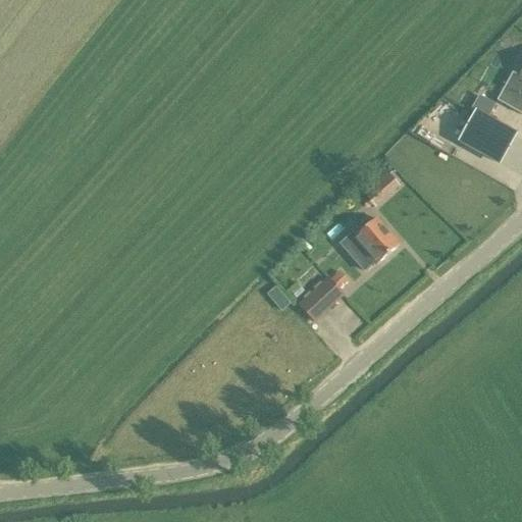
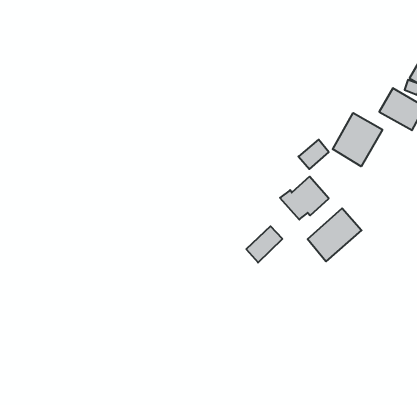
building: none -> [333,113,382,166]
building: none -> [308,208,362,261]

